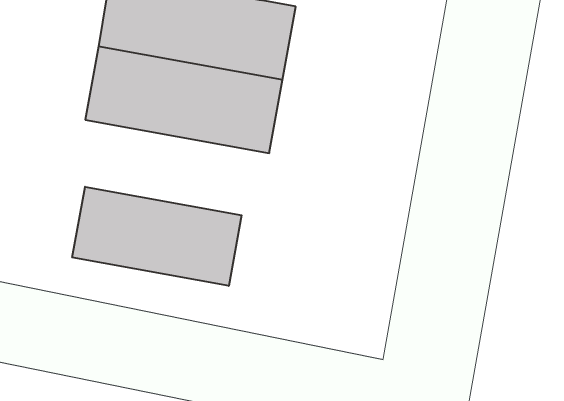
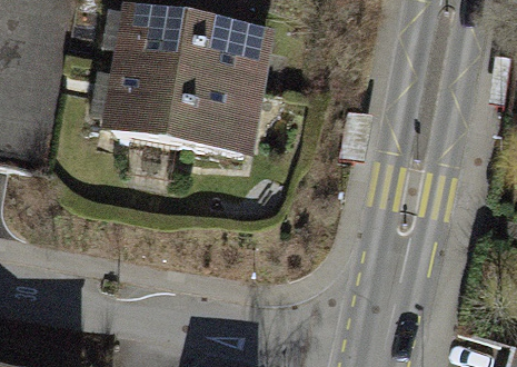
building: [72,187,242,286] -> none

